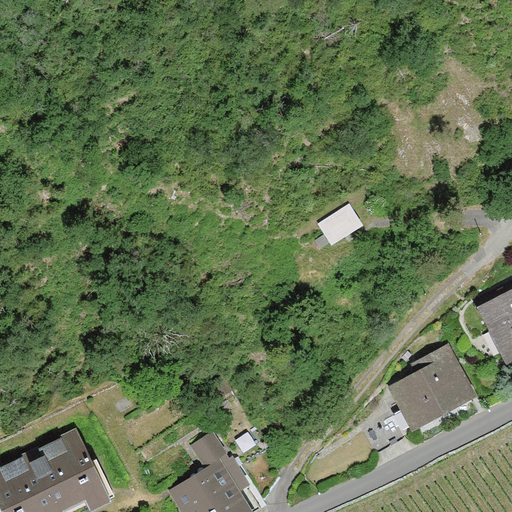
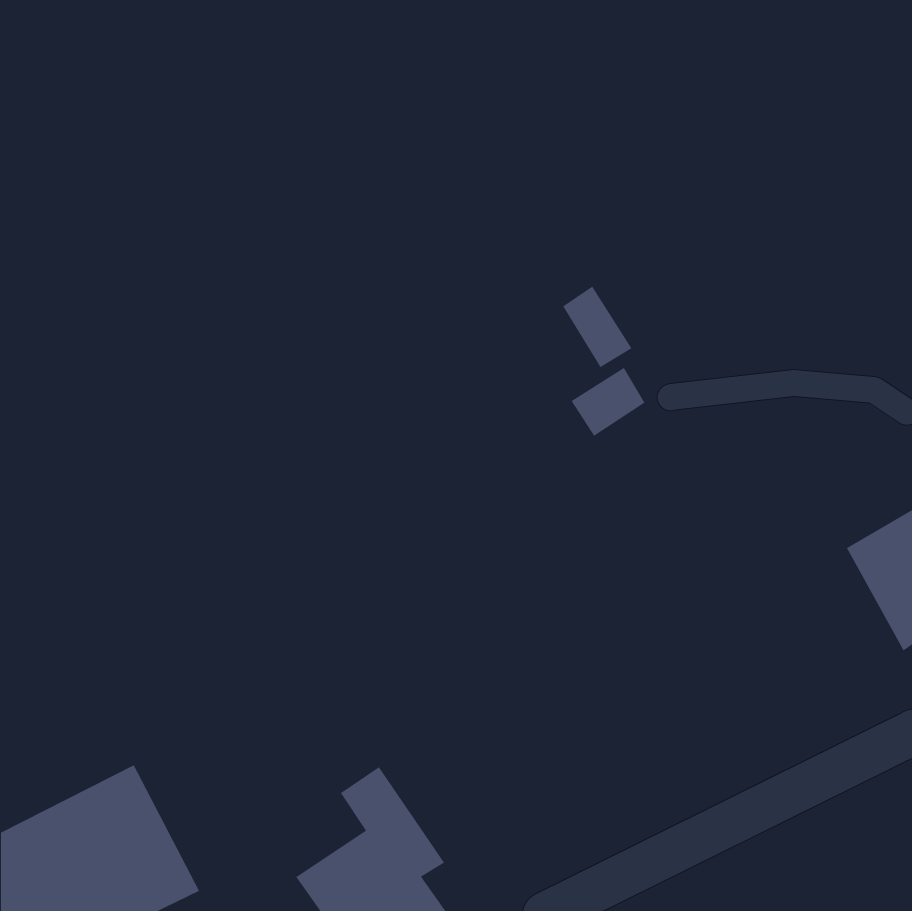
building: none -> [562,285,632,368]
building: [386,349,475,431] -> none

